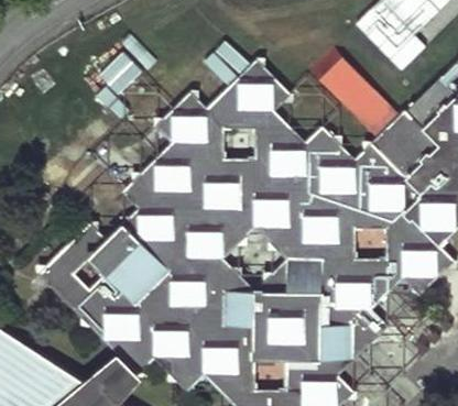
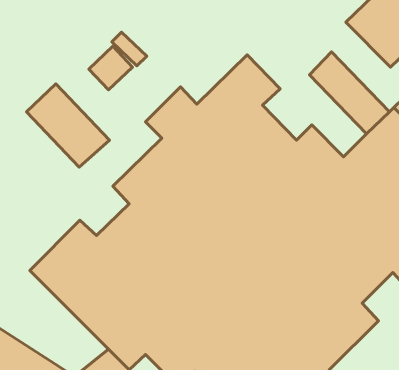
building: none -> [27,84,109,167]

